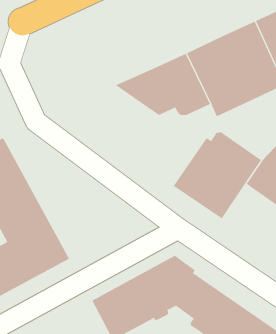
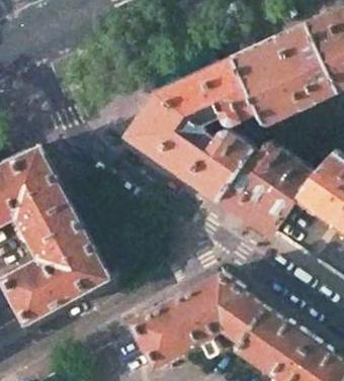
building: none -> [126,93,254,200]

